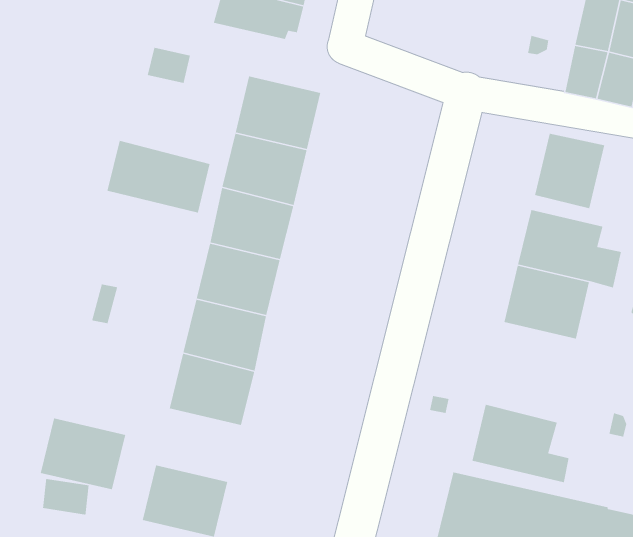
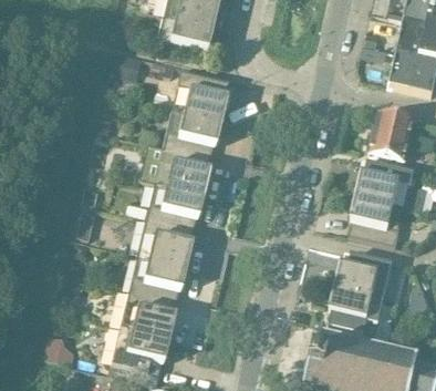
building: [106,140,210,213] -> none
building: none -> [336,251,393,300]
building: [40,418,126,490] -> [121,291,177,339]

